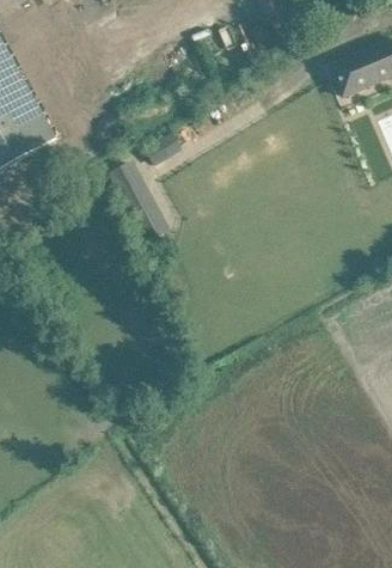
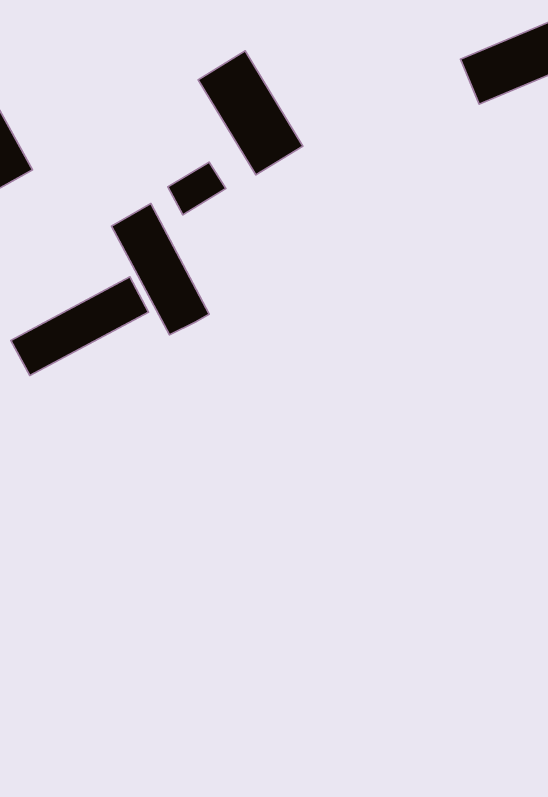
building: none -> [198,51,303,175]
building: none -> [11,277,149,376]

